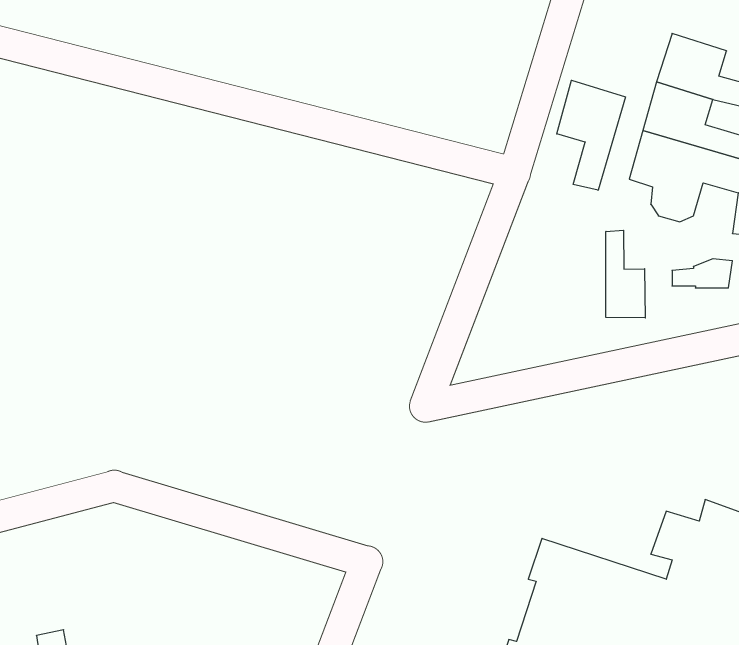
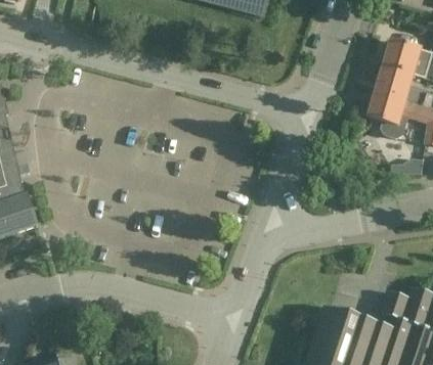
building: [557,80,626,190] -> none
building: [606,230,645,318] -> none

